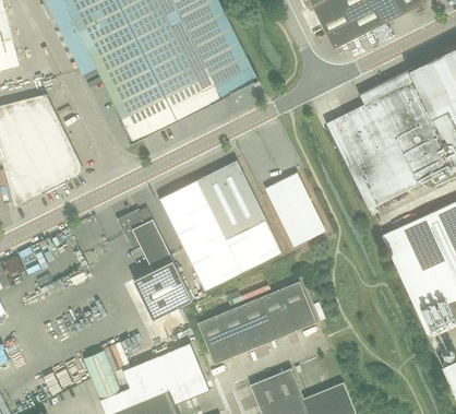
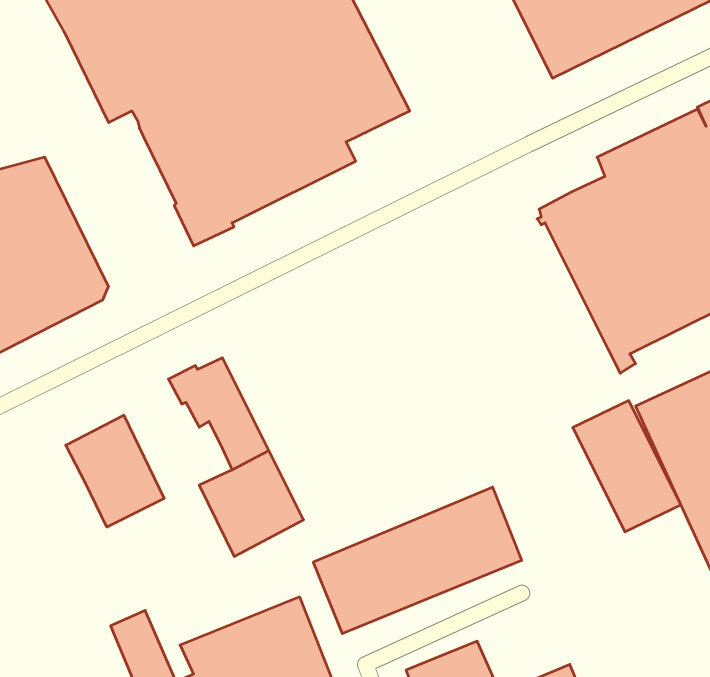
building: [159,159,283,291] -> none
building: [265,173,326,247] -> [573,401,681,532]
building: none -> [66,415,164,527]

